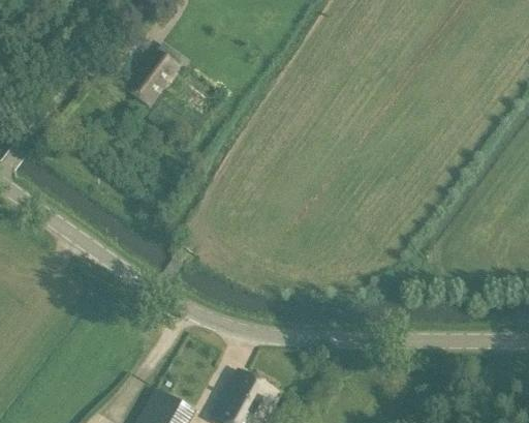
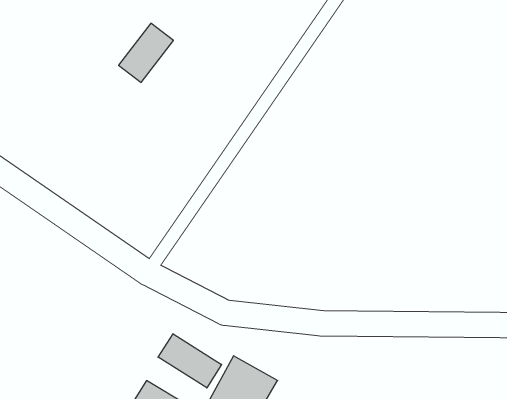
building: none -> [158,334,222,388]

